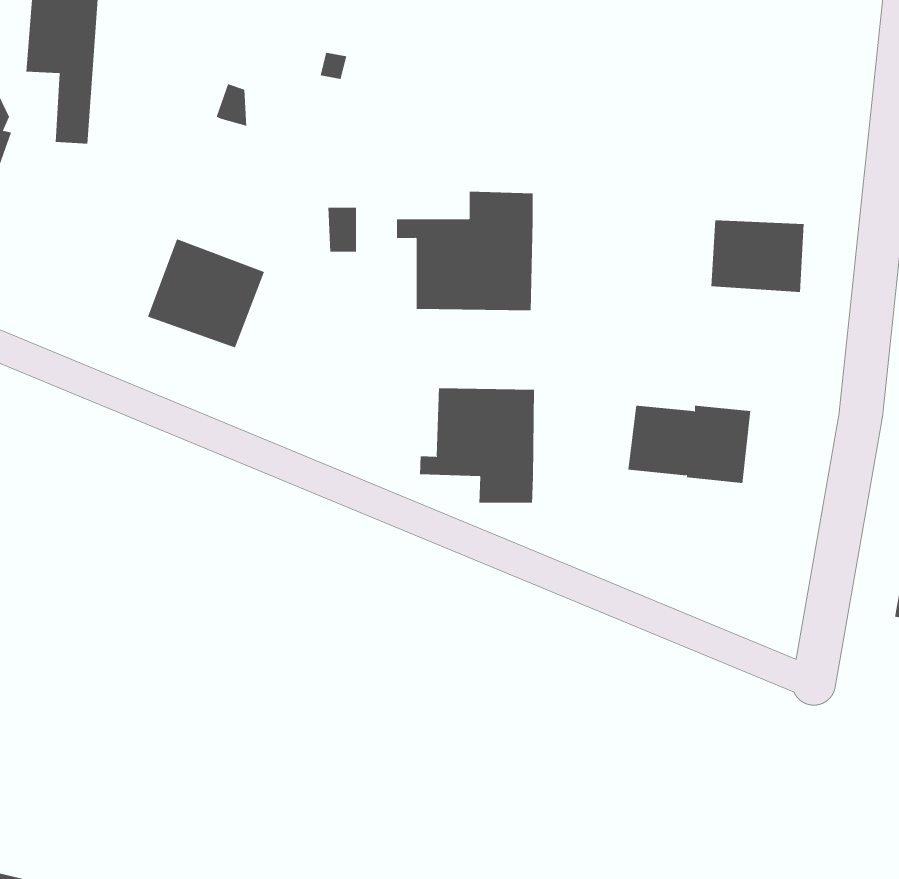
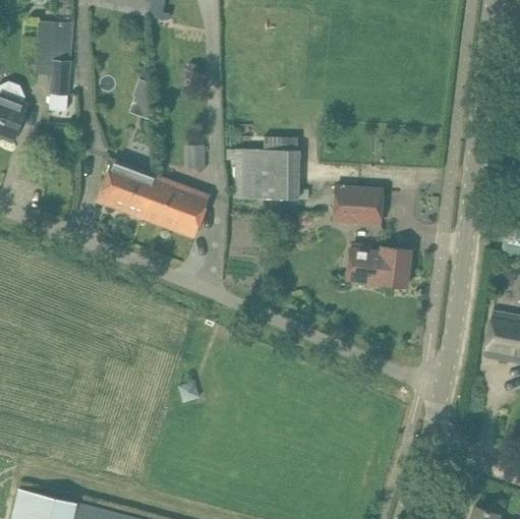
building: [710,220,805,293] -> [334,187,383,225]
building: none -> [143,178,210,237]
building: [419,388,535,504] -> none

